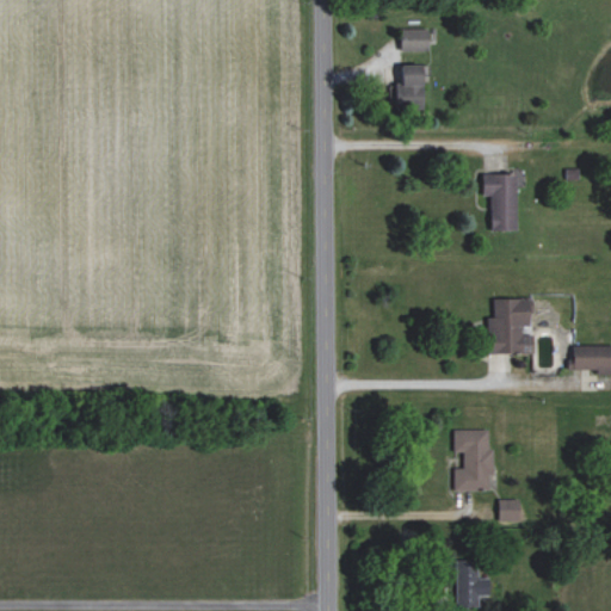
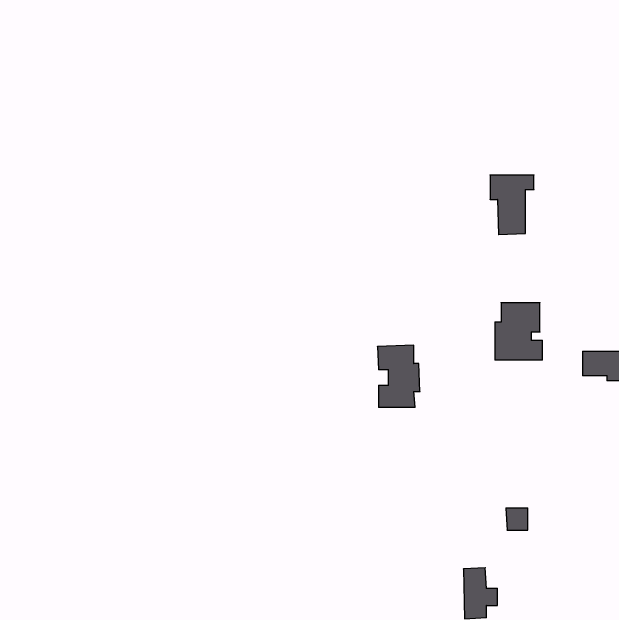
building: [401,29,430,51] -> none
building: [396,66,425,110] -> none
building: [453,430,495,490] -> [377,345,420,407]

